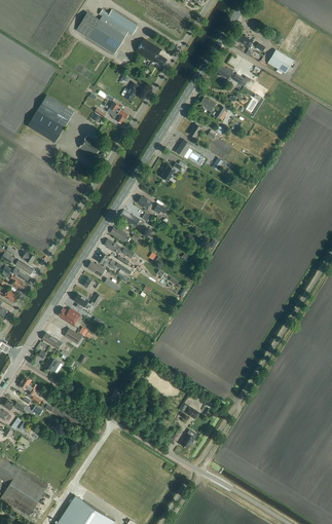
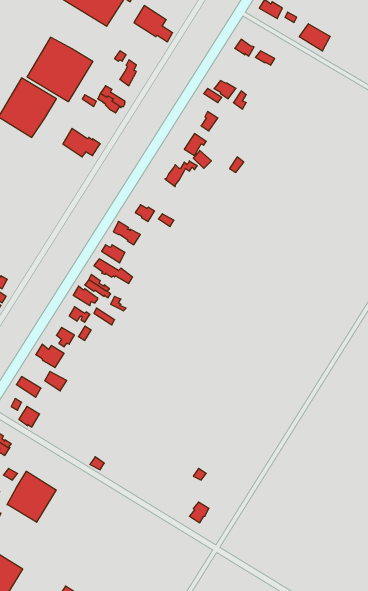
building: none -> [27,37,93,102]
building: none -> [7,471,56,522]

